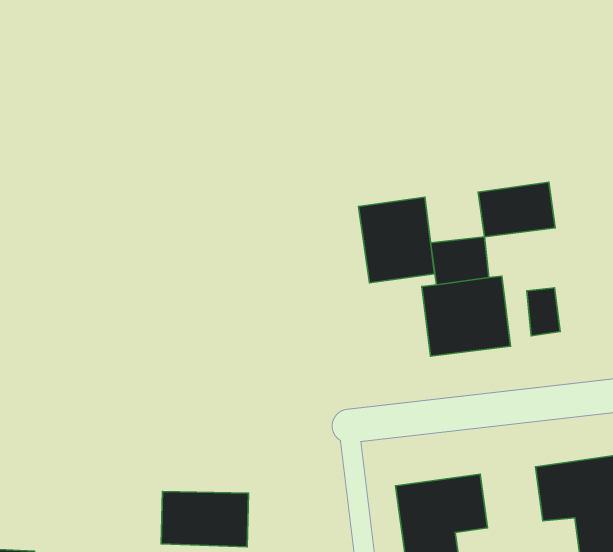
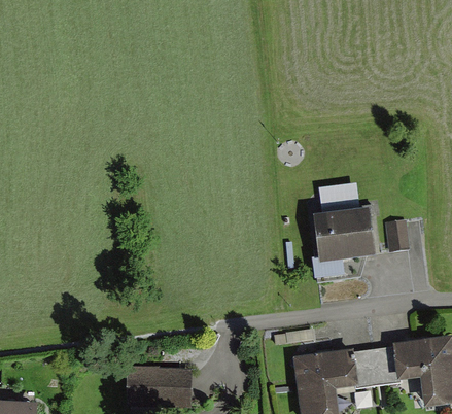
building: [478,182,555,237] -> none
building: [358,197,434,283] -> none
building: none -> [354,344,398,387]

